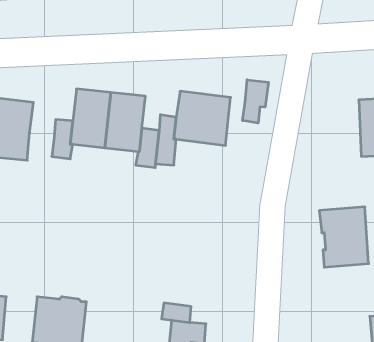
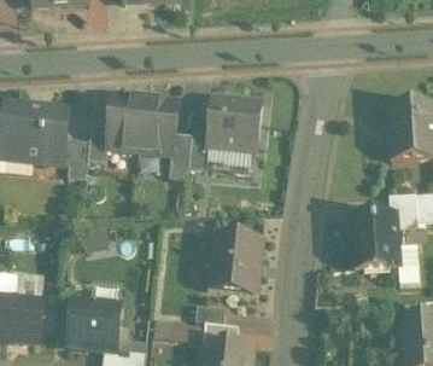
building: [243,80,268,123] -> none
building: none -> [62,138,88,180]
building: none -> [205,232,261,291]

